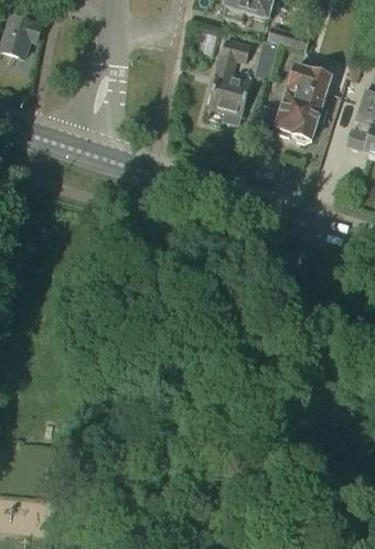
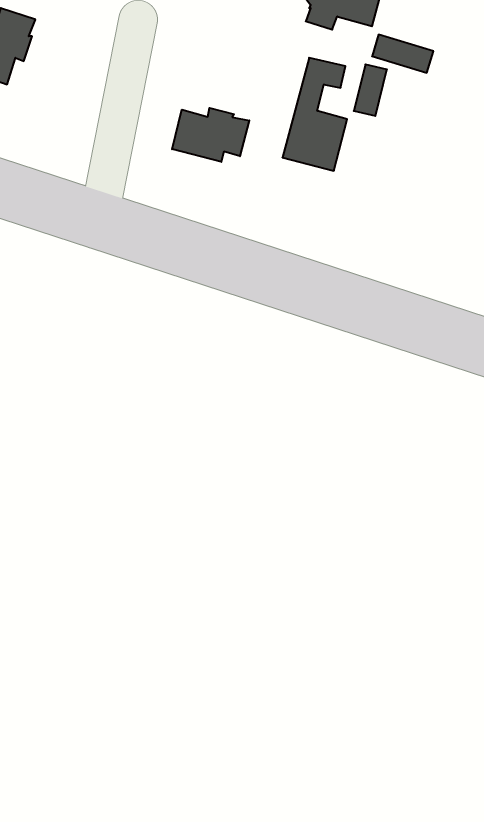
building: [275,64,331,141] -> none
building: none -> [172,108,249,162]

